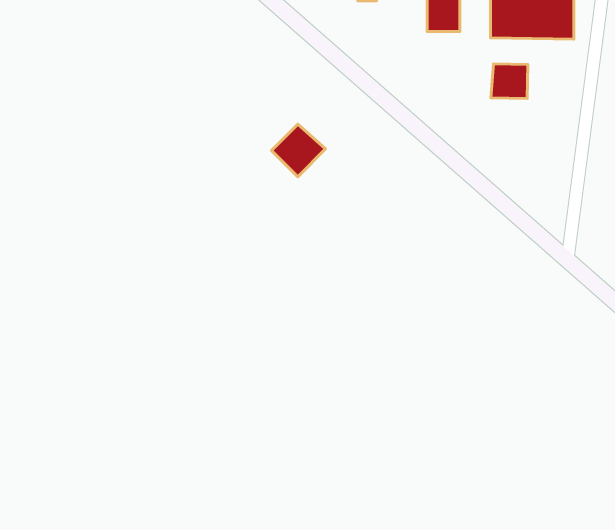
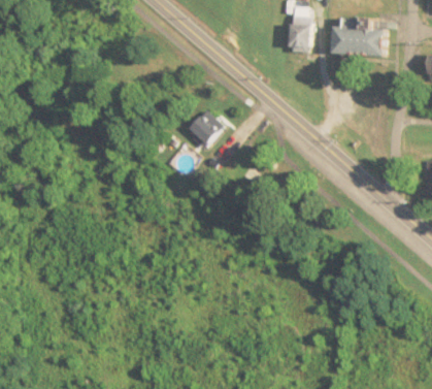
building: [491,64,528,99] -> none

